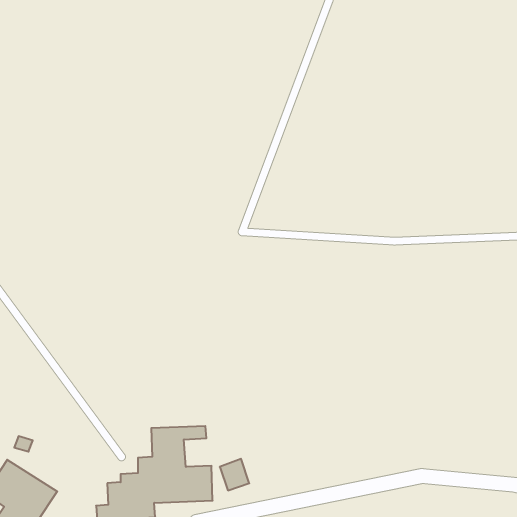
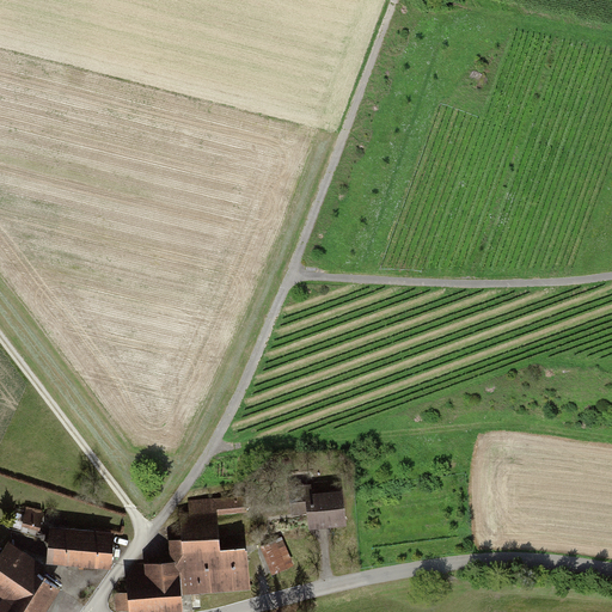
building: none -> [287,490,348,531]
building: none -> [47,528,115,569]

